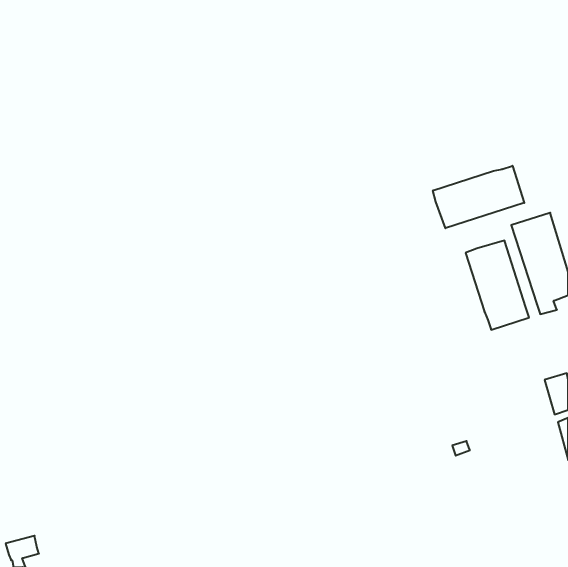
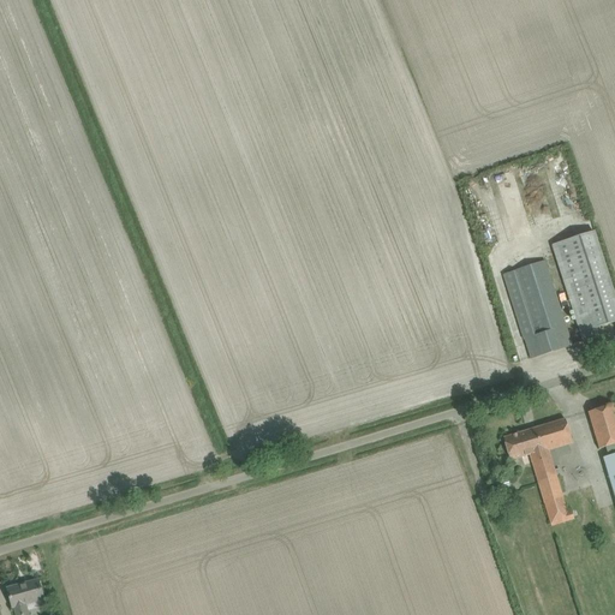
building: [433,166,524,228] -> none
building: none -> [502,417,573,524]

